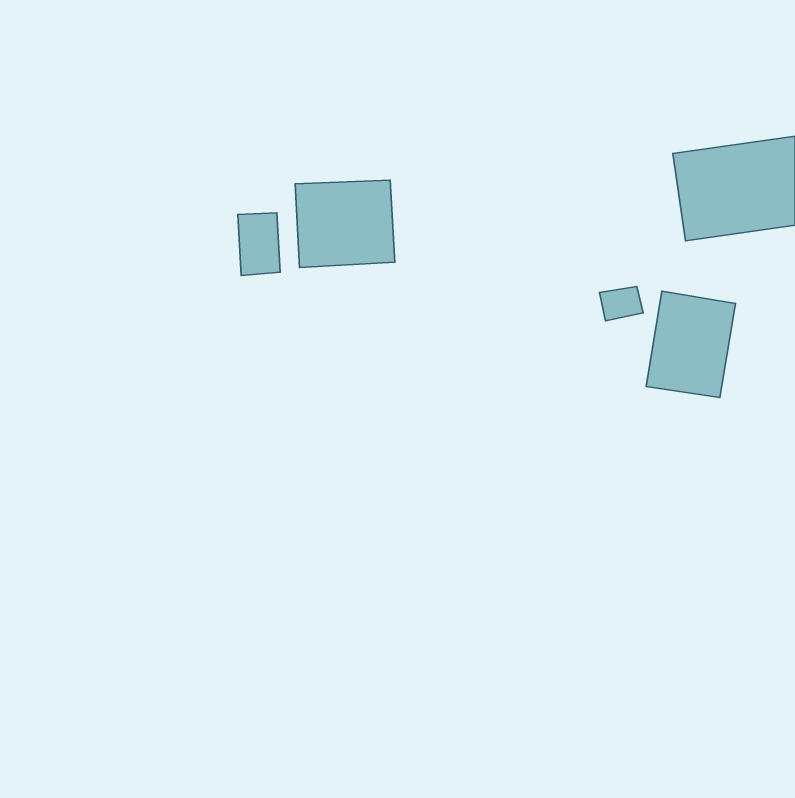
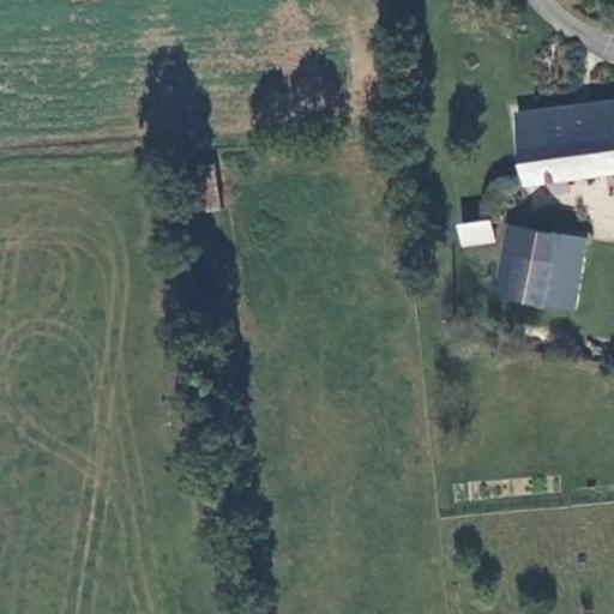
building: [295,180,395,267] -> none
building: none -> [552,234,588,311]

